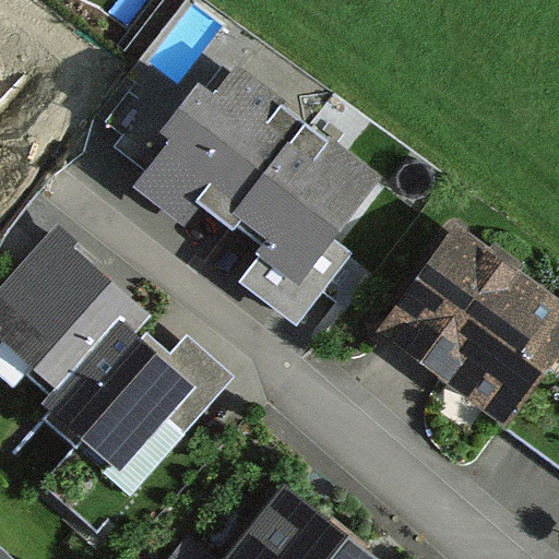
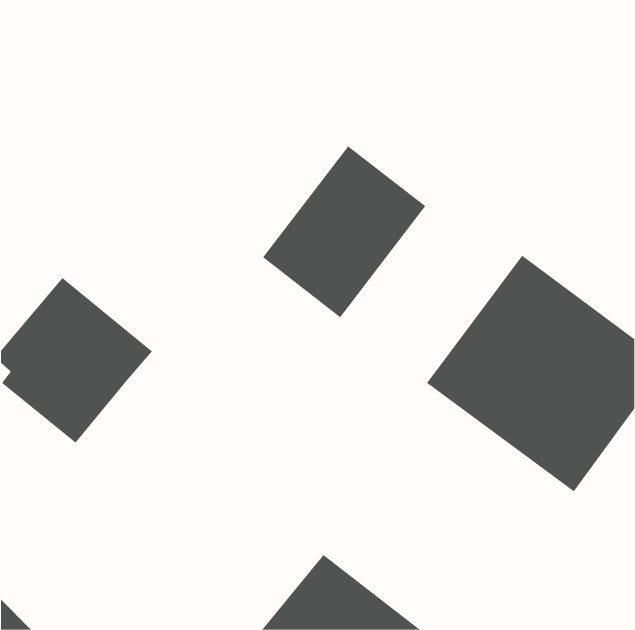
building: [160,75,306,226] -> none
building: [49,333,181,467] -> none

